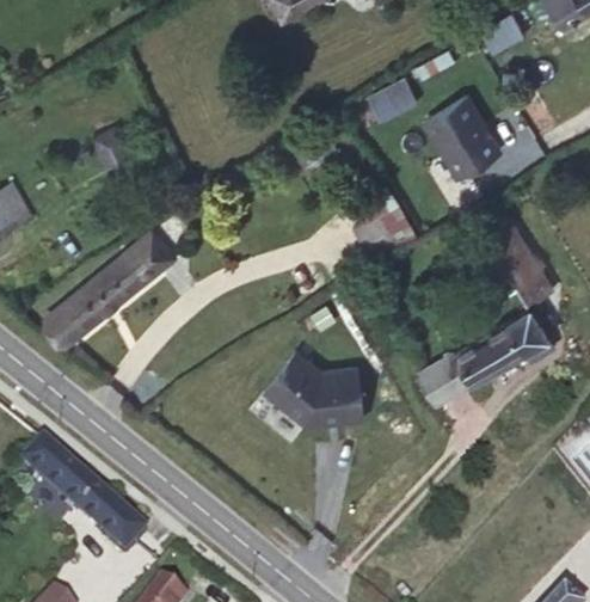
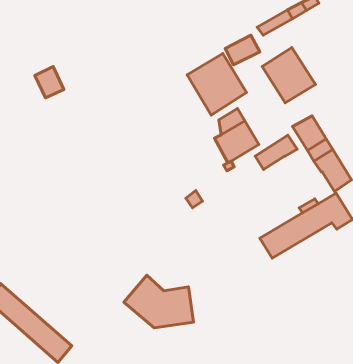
building: none -> [187,53,246,115]
building: none -> [255,135,297,170]
building: [49,235,171,336] -> none
building: [263,354,364,430] -> [124,275,194,328]

